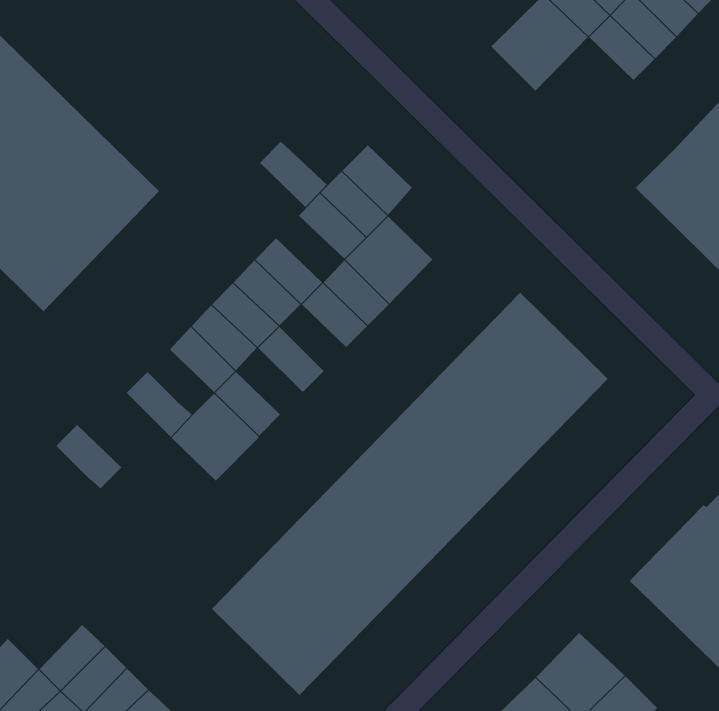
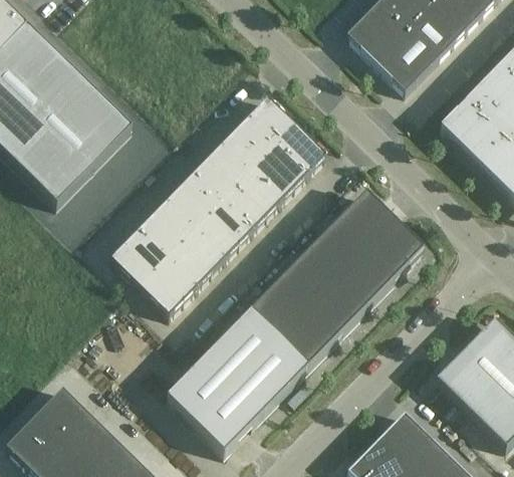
building: none -> [375,27,439,90]
building: [259,141,327,208] -> [208,143,252,186]
building: none -> [280,125,325,171]
building: none -> [210,200,253,243]
building: none -> [182,228,225,271]
building: [56,424,122,489] -> [124,229,168,271]
building: none -> [34,387,82,436]

